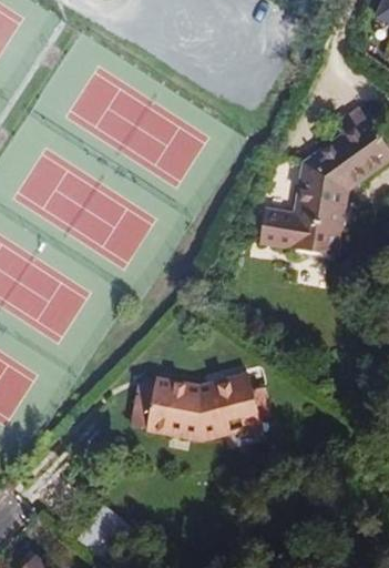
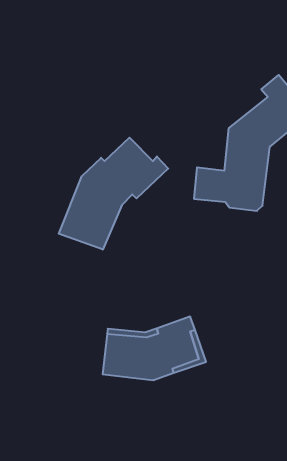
building: none -> [59,138,168,250]

